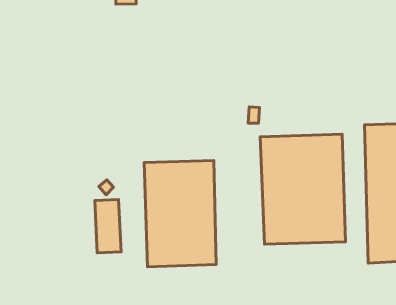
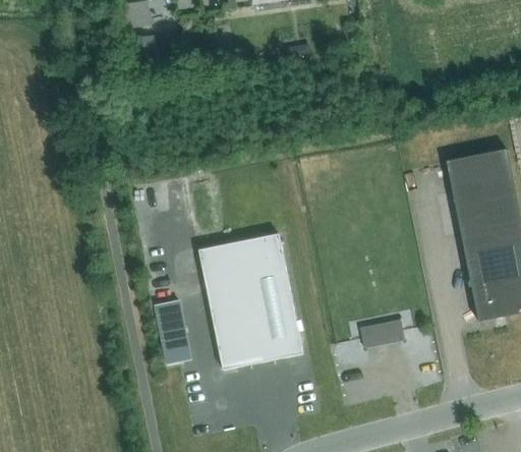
building: [260,134,345,244] -> none
building: none -> [361,320,406,348]

